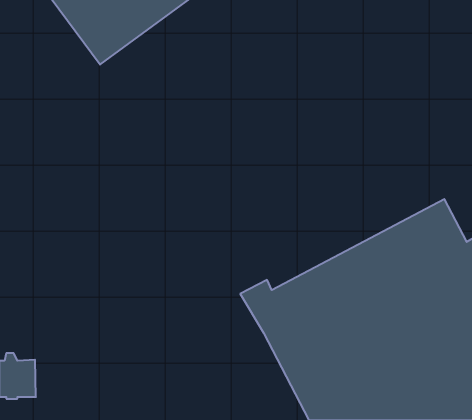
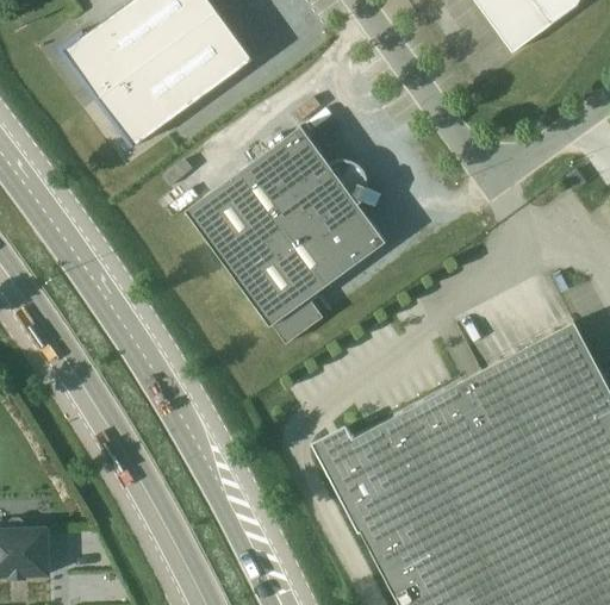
building: none -> [186,125,386,343]

